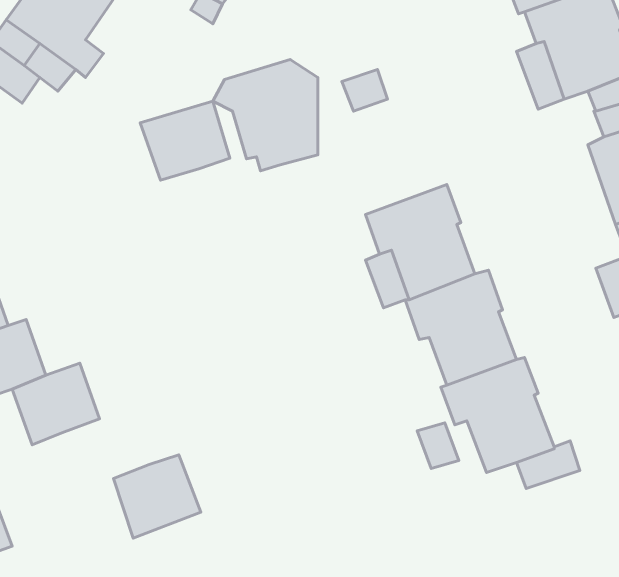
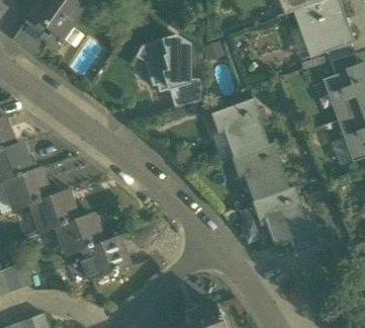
building: [140,101,230,180] -> none
building: none -> [169,78,200,106]
building: none -> [58,213,102,253]

